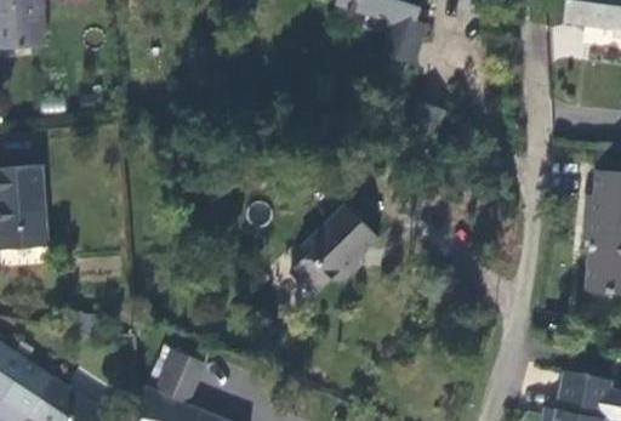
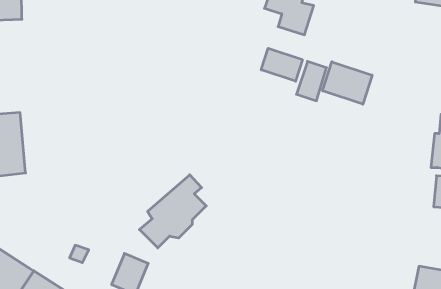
building: none -> [261,48,302,81]
building: none -> [323,62,372,104]
building: [289,195,377,292] -> [139,175,206,248]

